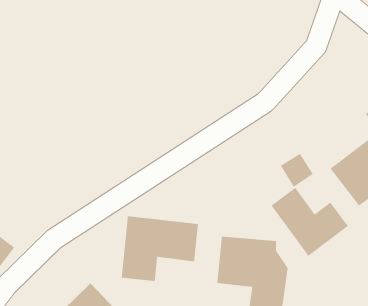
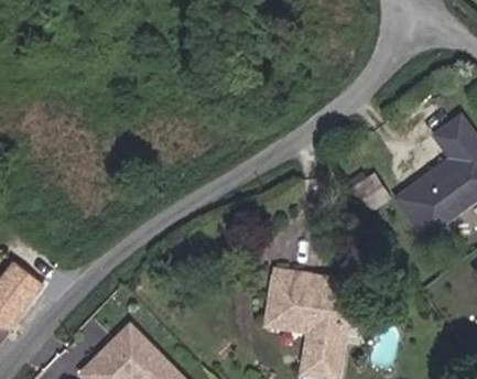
building: [270,187,349,257] -> none
building: [121,215,199,282] -> none

